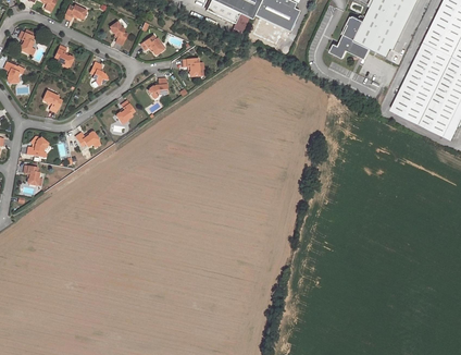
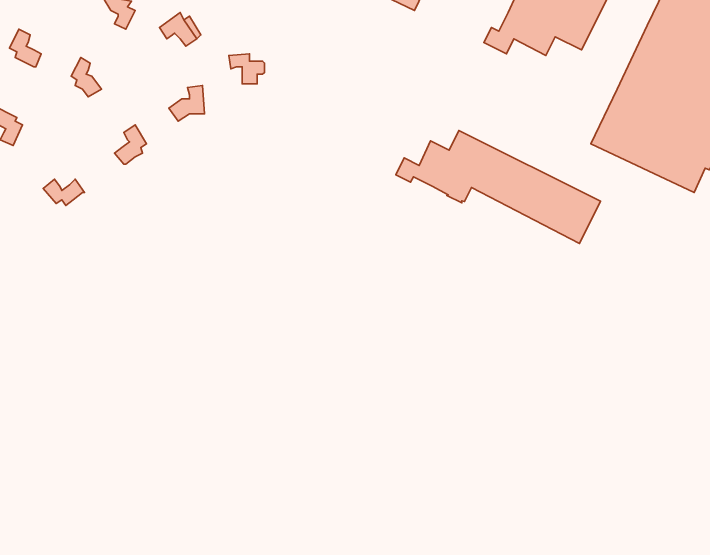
building: none -> [396,130,601,244]

